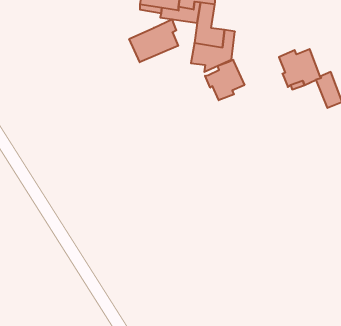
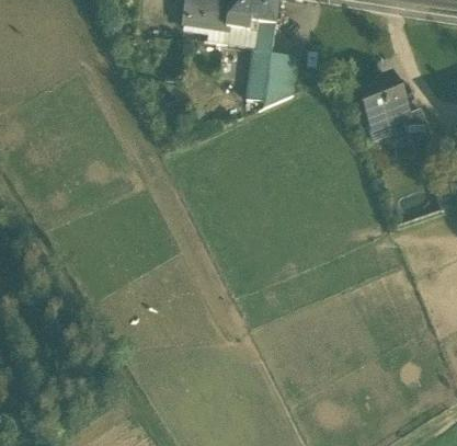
building: [129,19,178,62] -> none
building: [205,60,244,100] -> none

